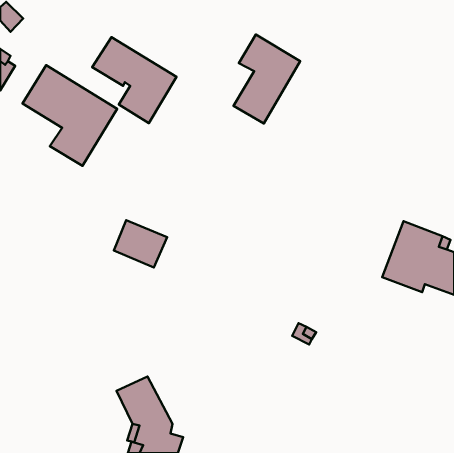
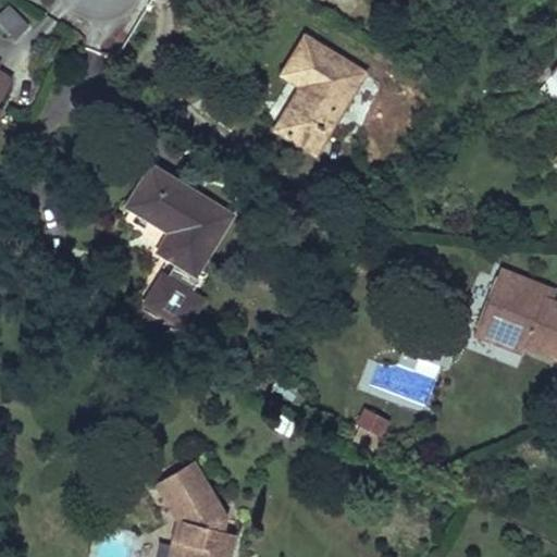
building: [92,37,176,123] -> [137,170,240,275]
building: [23,65,117,166] -> none

